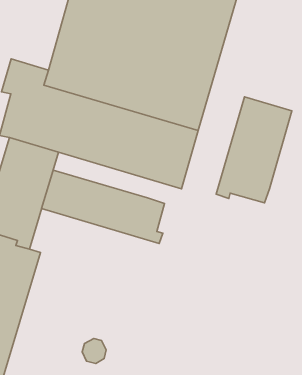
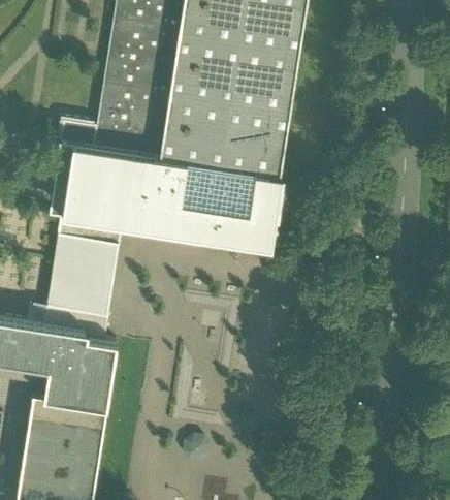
building: [216,97,292,203] -> none
building: [42,170,165,244] -> none

